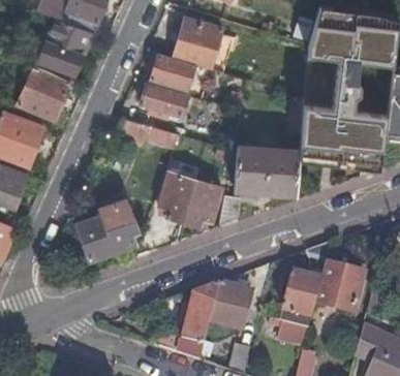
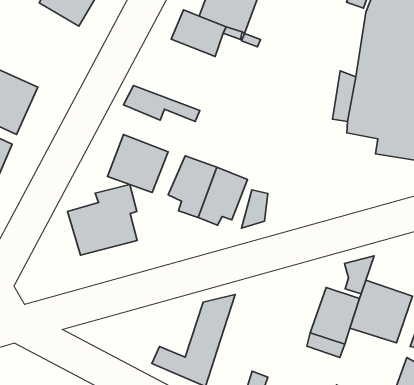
building: [17,64,71,119] -> none
building: [140,82,187,115] -> none
building: [235,146,300,194] -> none
building: none -> [108,134,168,193]
building: [209,283,252,331] -> none

